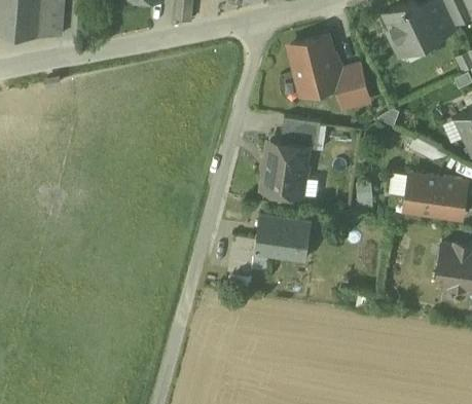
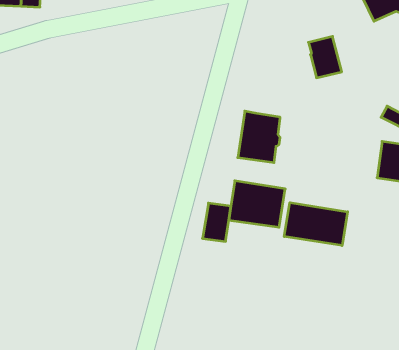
building: [291,39,338,94] -> none
building: [281,118,321,151] -> none
building: none -> [284,203,348,246]

